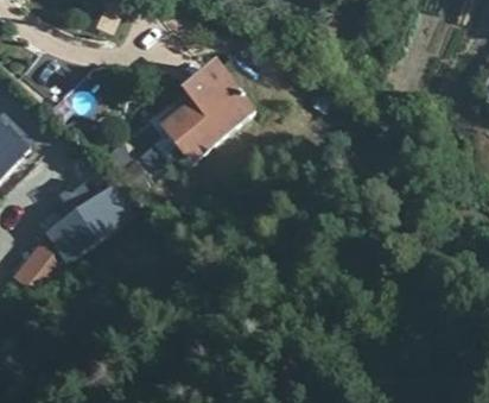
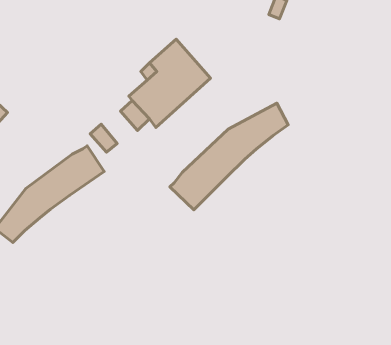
building: none -> [170,103,288,210]

